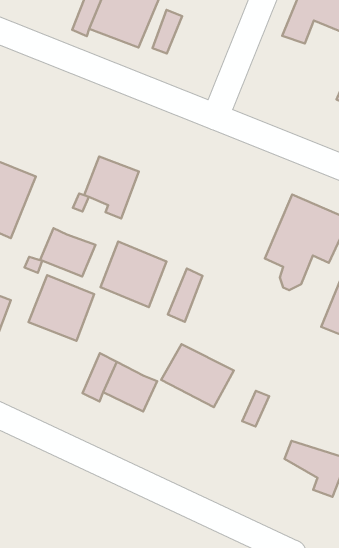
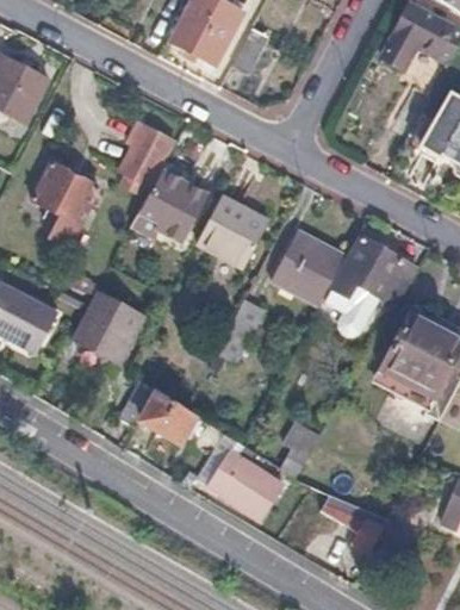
building: none -> [119,123,175,187]
building: none -> [273,229,344,303]
building: [40,228,96,276] -> none
building: [101,242,167,307] -> [197,197,268,268]
building: [161,344,234,407] -> [206,450,282,519]

